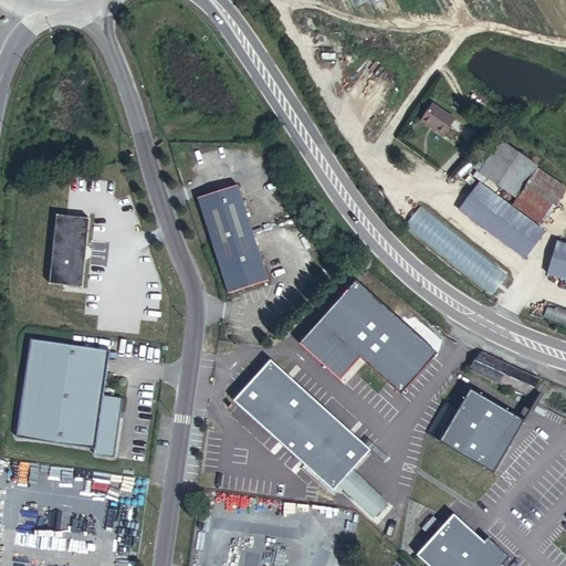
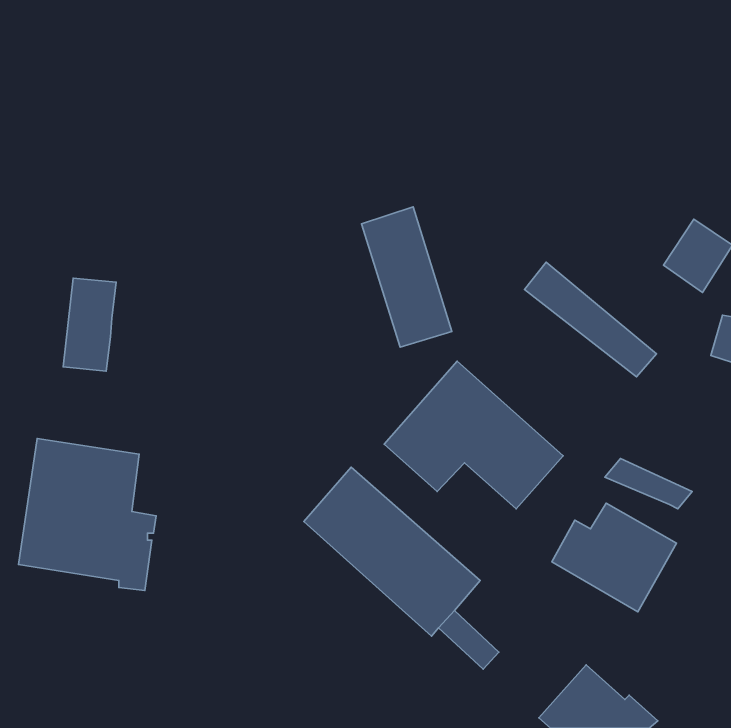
building: [419,101,451,132] -> none
building: [478,137,535,196] -> none
building: [457,180,546,260] -> none
building: [198,182,268,291] -> [362,207,452,347]

